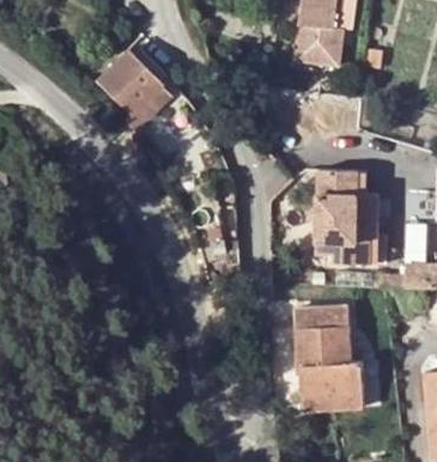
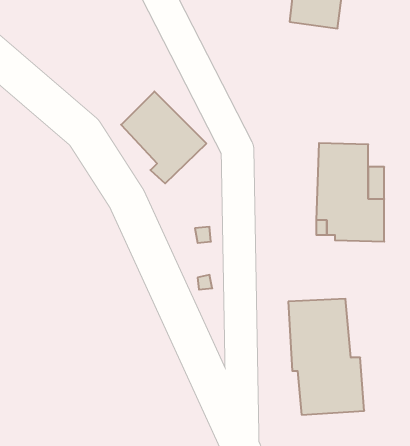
building: [99,51,176,134] -> [121,91,206,183]

